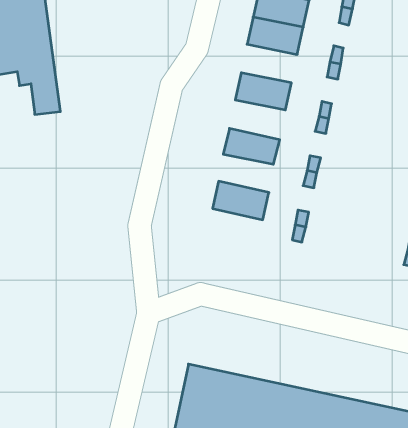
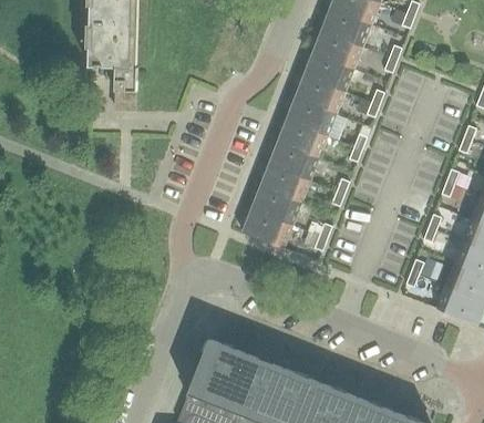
building: none -> [294,75,343,114]
building: none -> [276,121,326,161]
building: none -> [259,165,308,204]
building: none -> [241,209,291,248]

